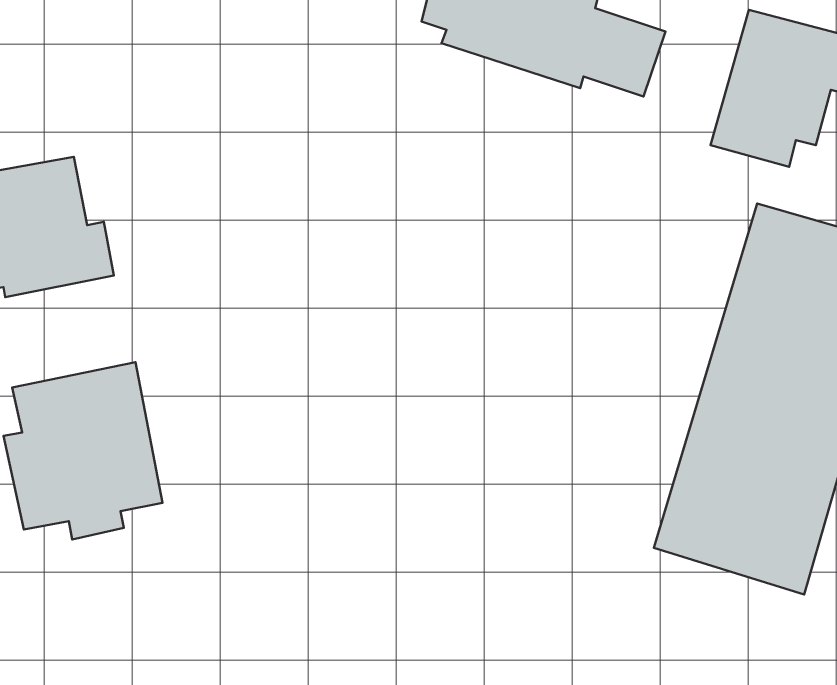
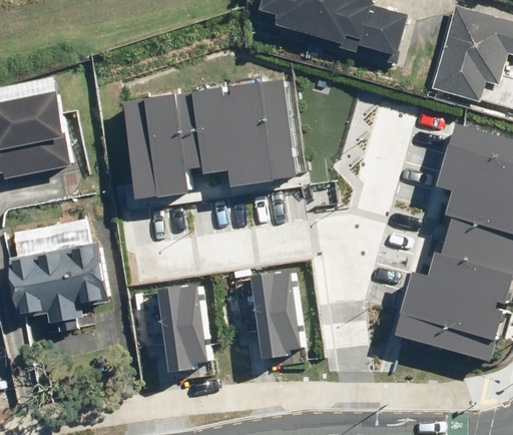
building: none -> [122,75,302,189]
building: none -> [241,264,310,352]
building: none -> [155,283,216,365]

